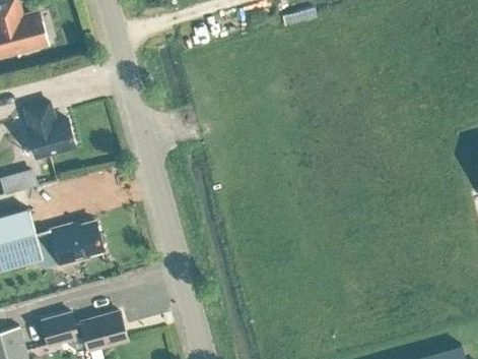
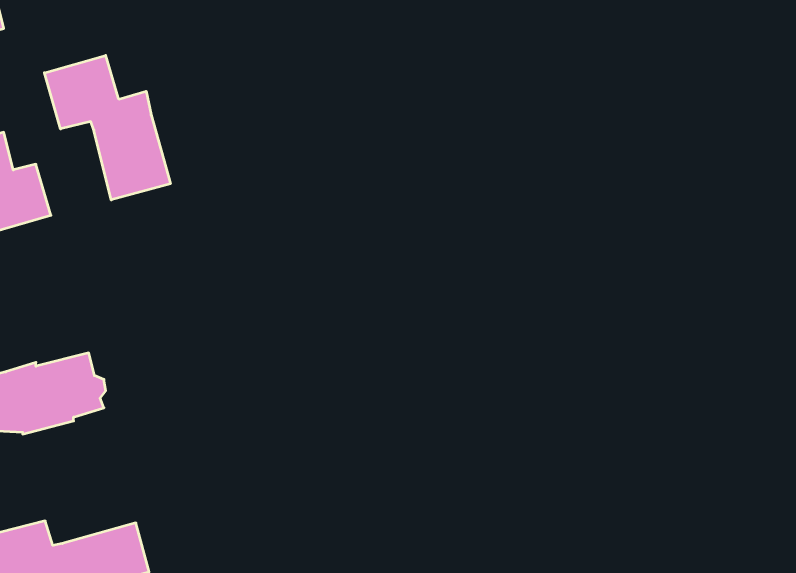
building: none -> [44,55,170,200]

